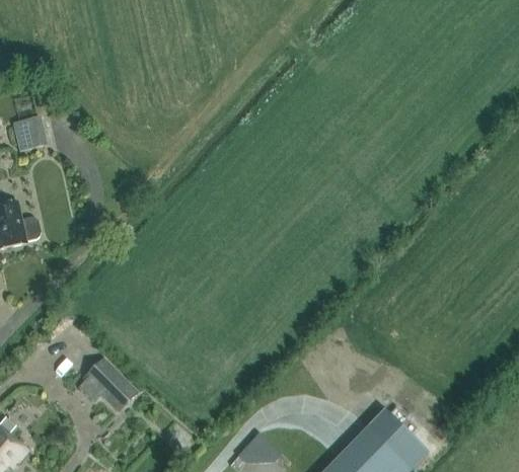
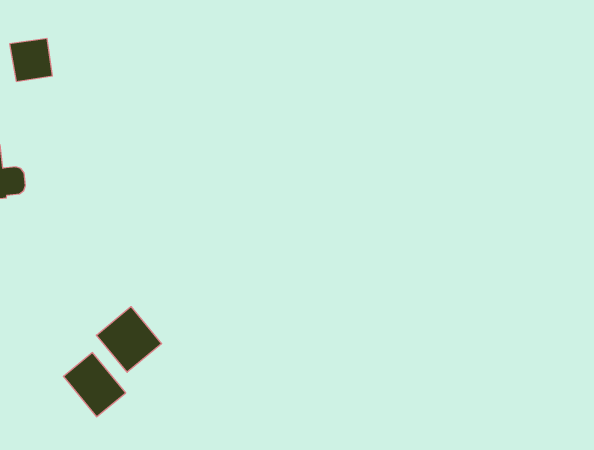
building: none -> [96,307,162,372]

